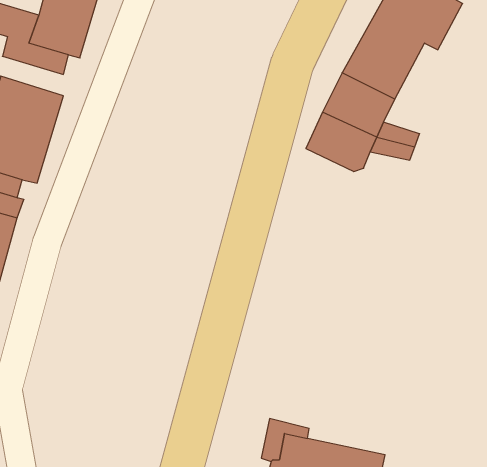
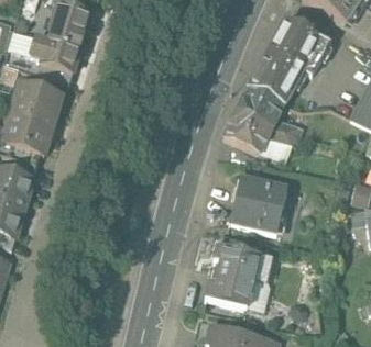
building: none -> [229,178,288,233]
building: none -> [206,245,273,305]

